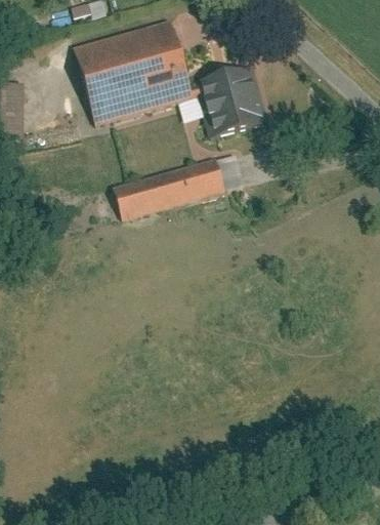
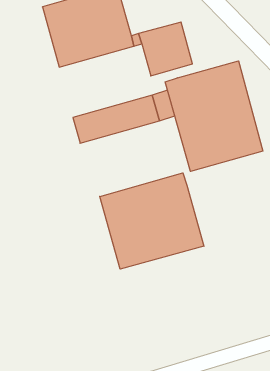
building: none -> [165,61,263,171]
building: none -> [100,173,204,269]

